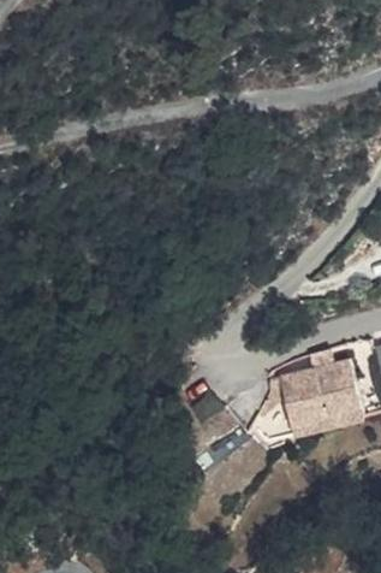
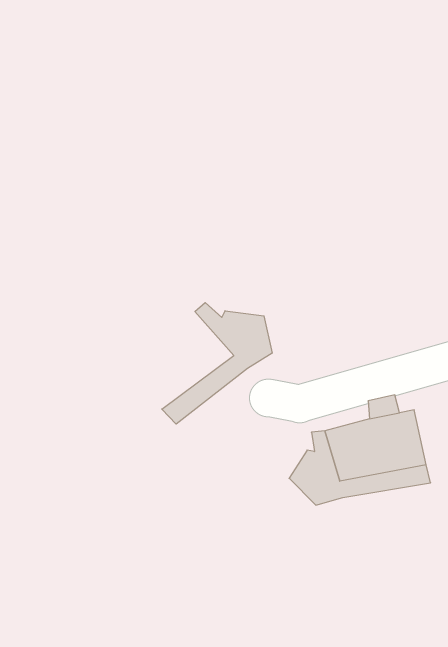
building: none -> [162,303,272,424]

